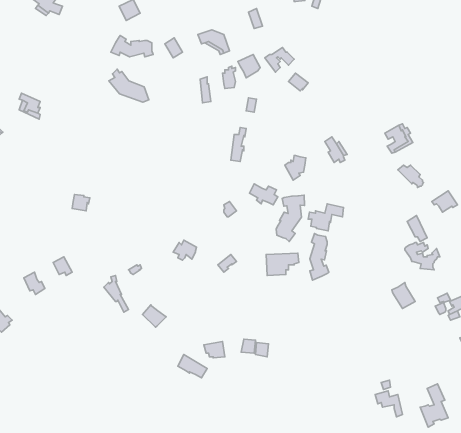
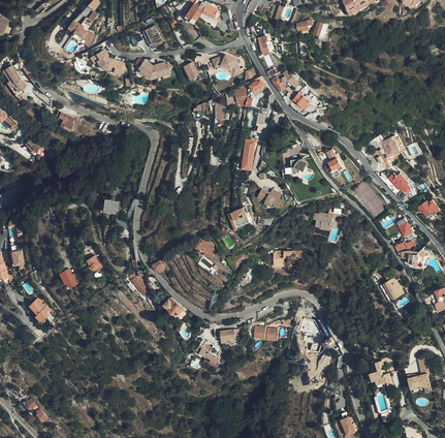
building: [109,69,149,102] -> [92,49,127,77]
building: [276,195,305,241] -> none
building: [310,233,329,280] -> none

